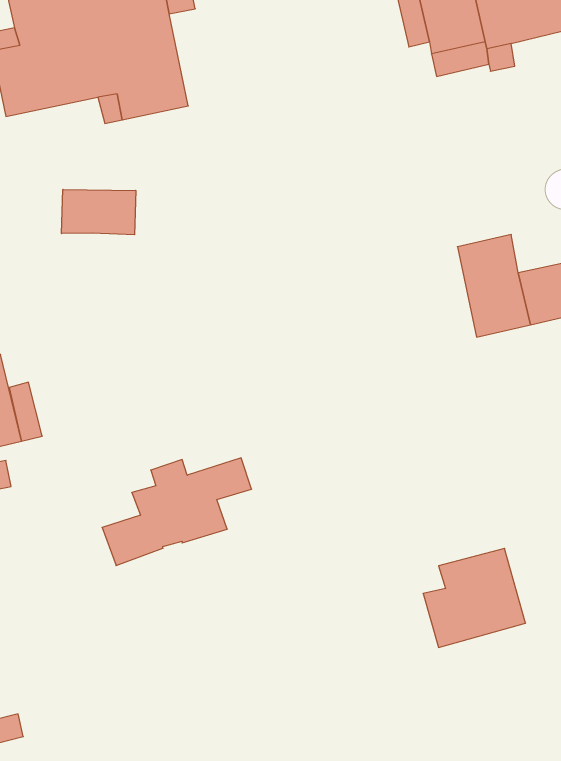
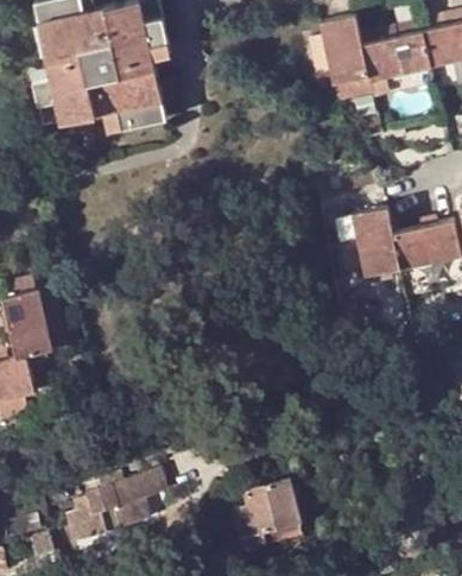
building: [62,189,136,235] -> none
building: [102,458,252,566] -> [65,470,167,544]
building: [423,548,526,647] -> [233,480,303,547]

